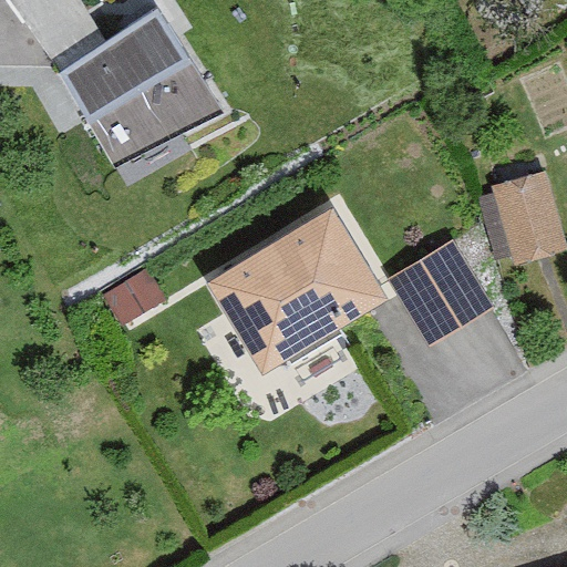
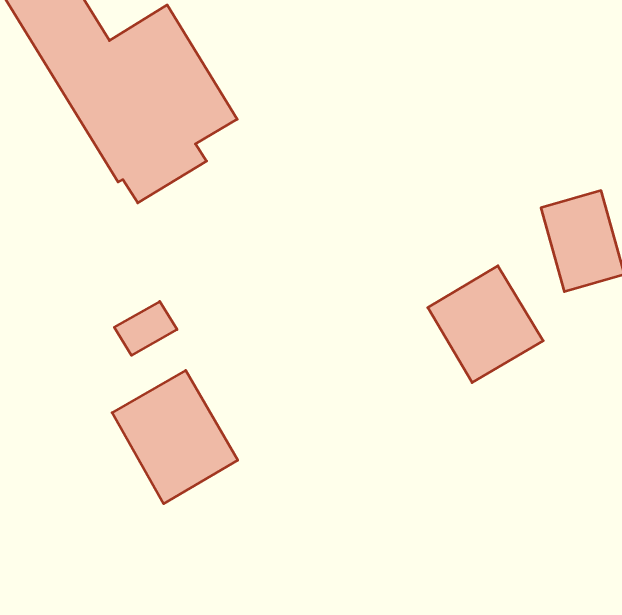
building: [206,207,383,371] -> none
building: none -> [112,370,238,504]

